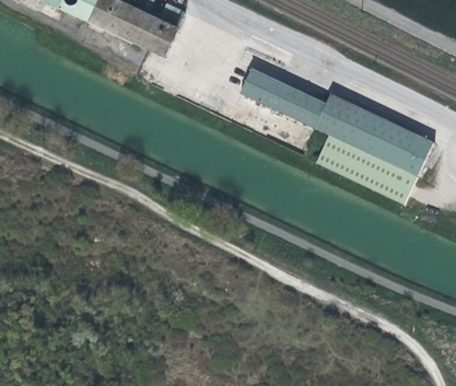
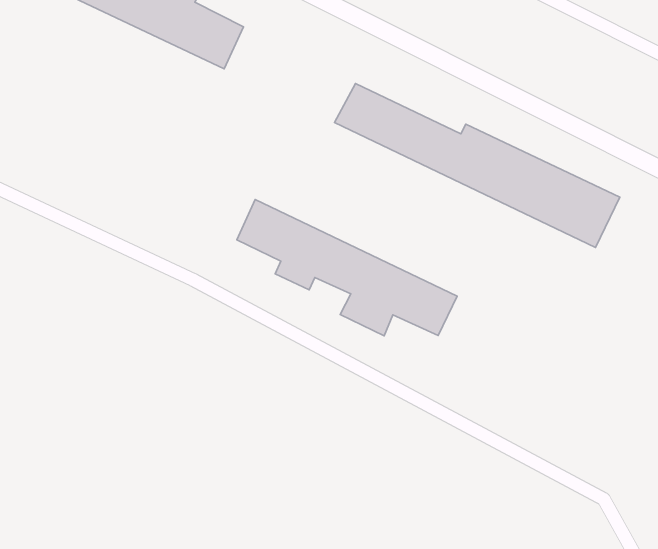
building: none -> [237,199,457,336]

